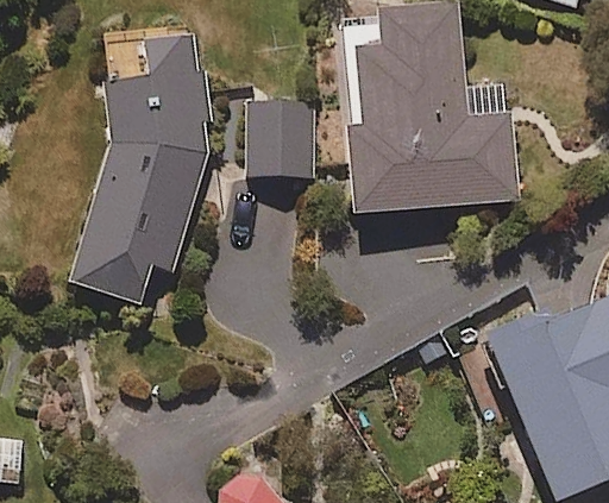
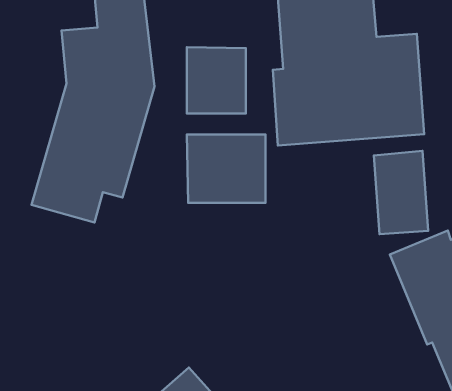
building: none -> [187,134,265,203]
building: none -> [374,151,428,234]

